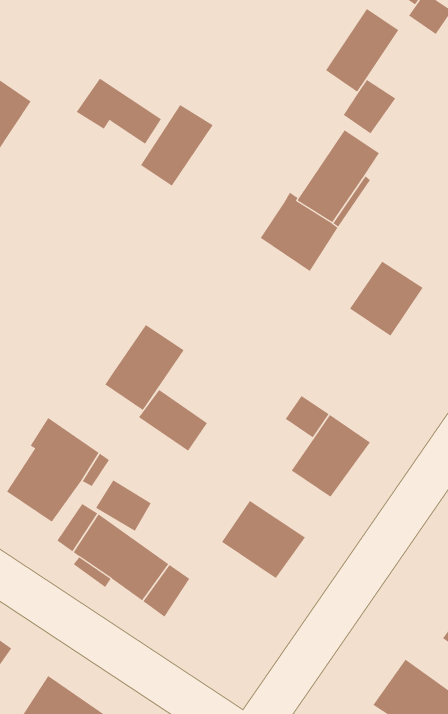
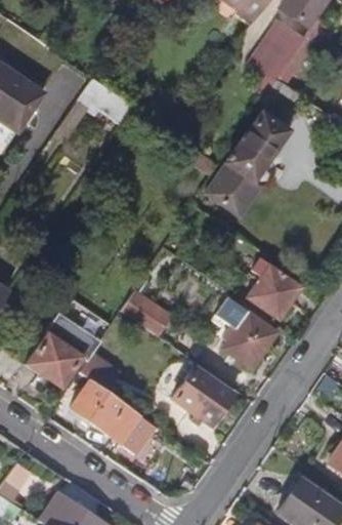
building: [140,104,214,187] -> none
building: [349,261,423,337] -> [255,271,306,323]
building: [104,324,185,411] -> none

